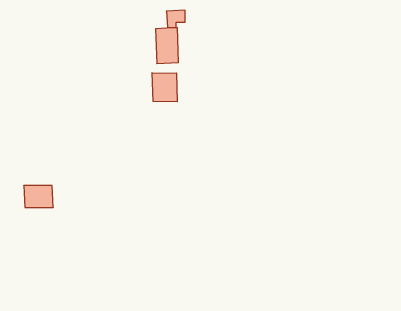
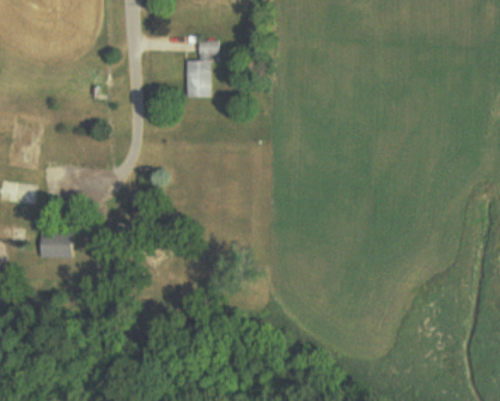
building: [152,73,177,102] -> none

